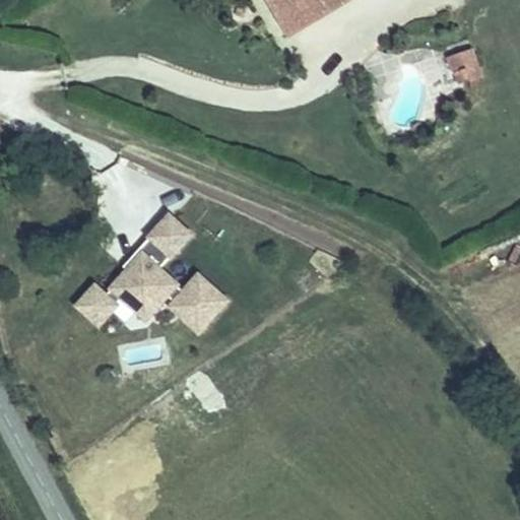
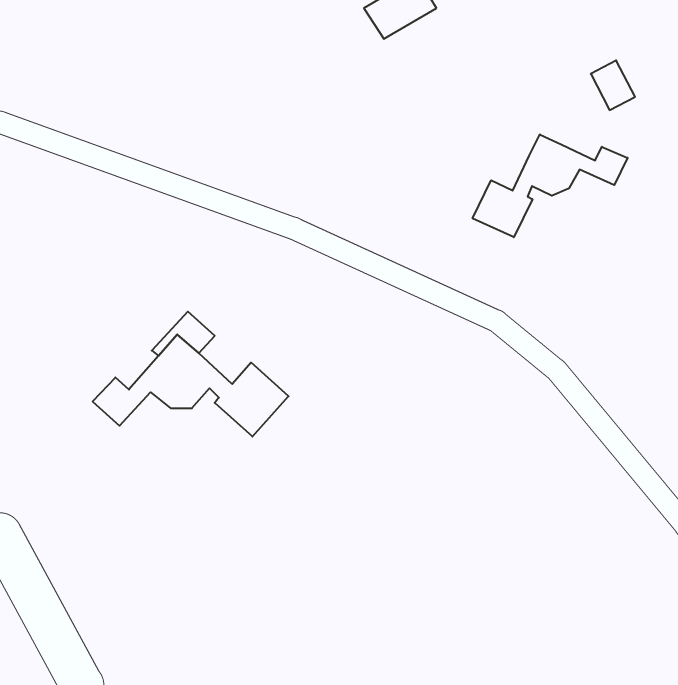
building: none -> [473,134,628,237]
building: [148,214,188,254] -> none

